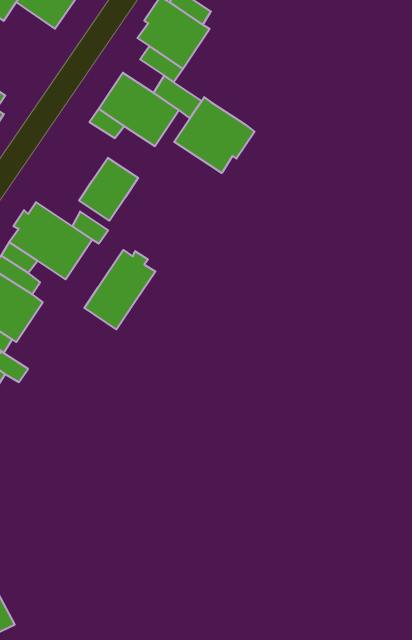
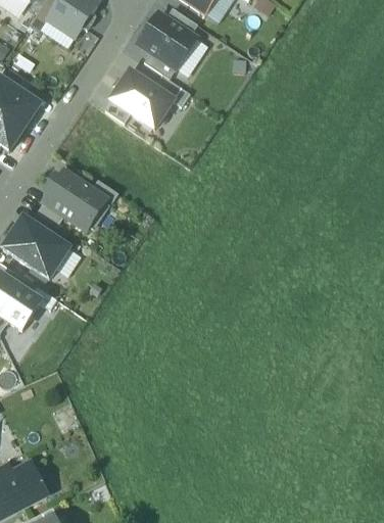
building: [174,97,255,173] -> none
building: [79,158,138,221] -> none
building: [84,250,155,329] -> none

